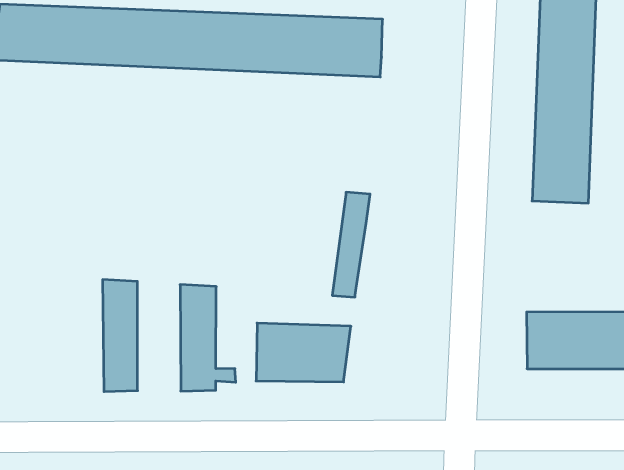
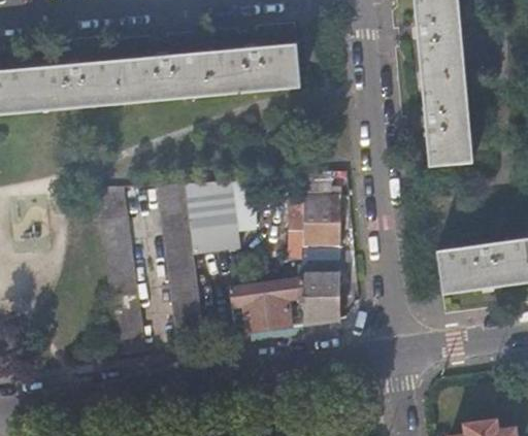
building: none -> [96,186,135,270]
building: none -> [157,180,241,266]
building: none -> [303,197,341,263]
building: none -> [303,273,341,324]

